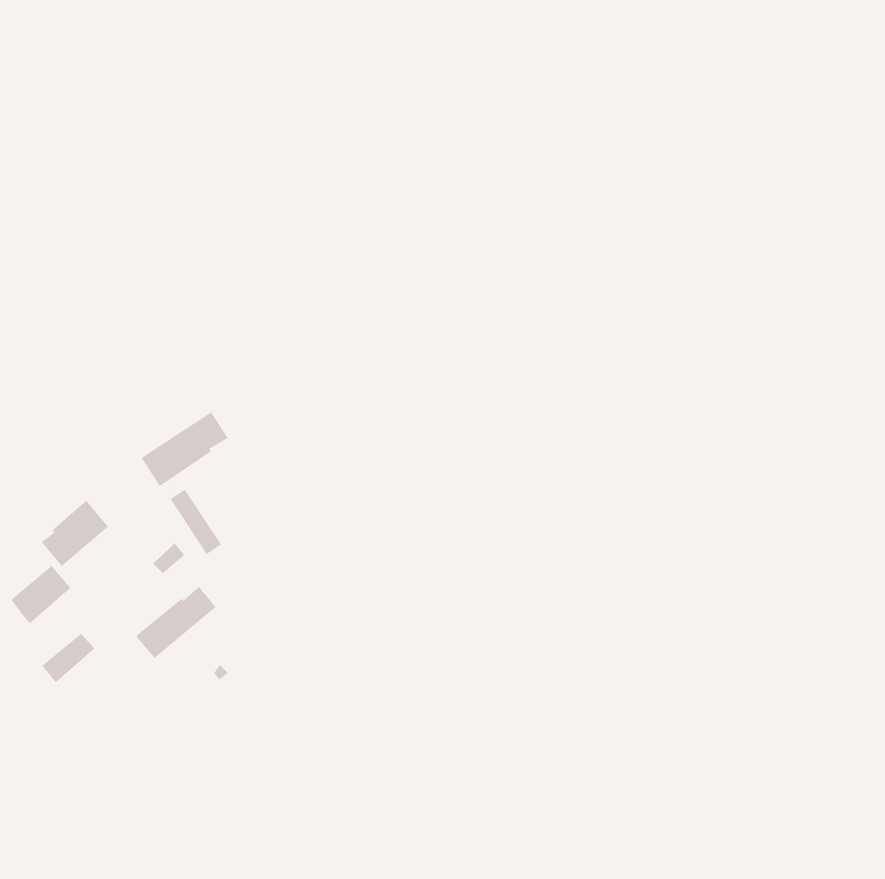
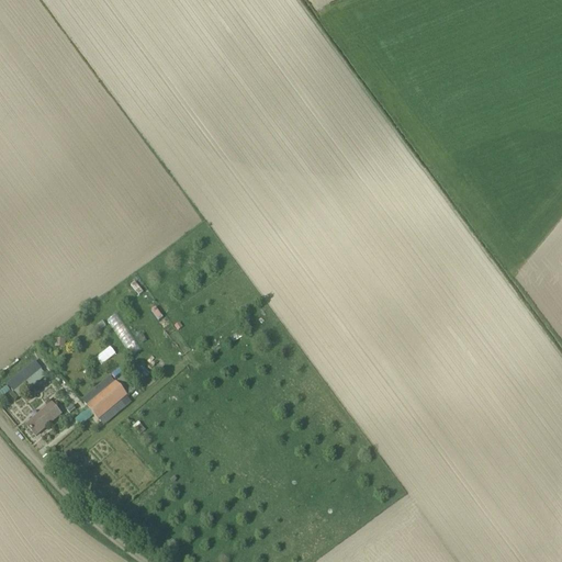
building: [141,411,229,487] -> none
building: [41,500,109,567] -> none

